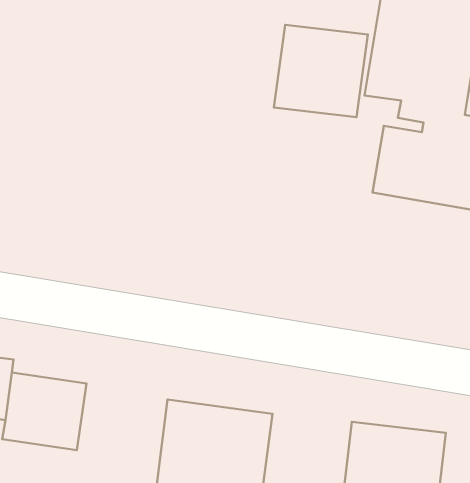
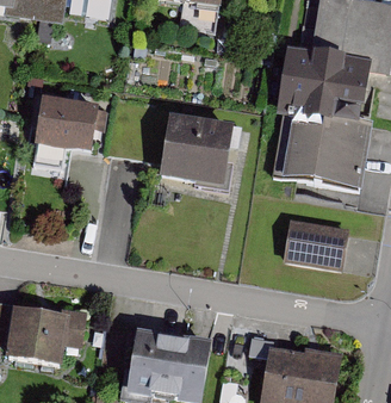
building: [274,25,368,117] -> [162,116,232,185]
building: none -> [36,97,97,149]
building: none -> [285,218,349,271]

